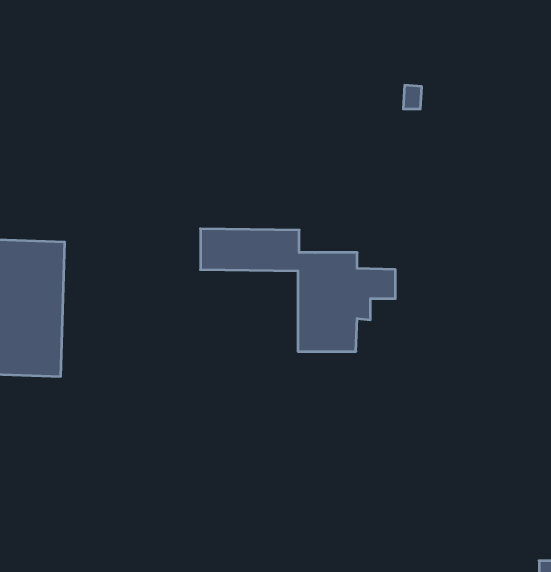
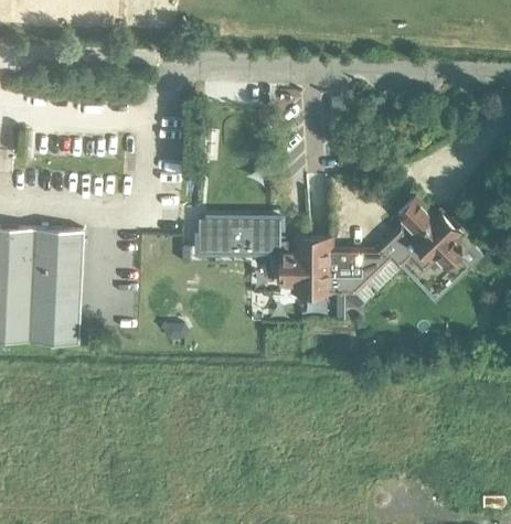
building: none -> [340,199,469,296]

